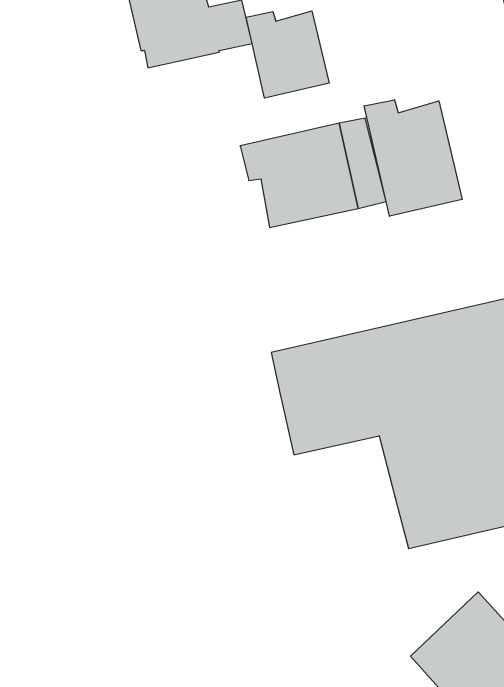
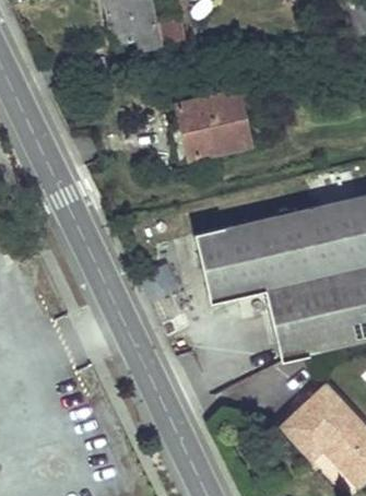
building: [246,11,329,98] -> none
building: [364,100,462,216] -> none

